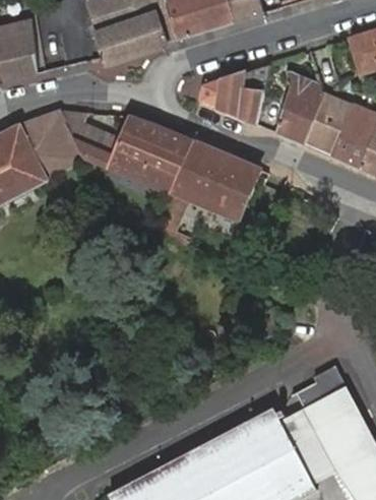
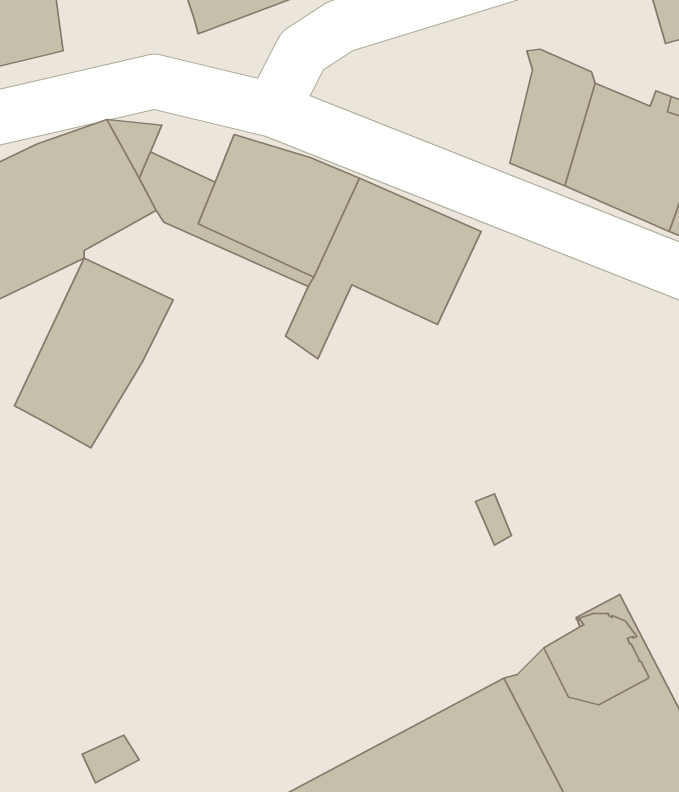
building: [200,63,268,124] -> none
building: none -> [15,258,173,448]

